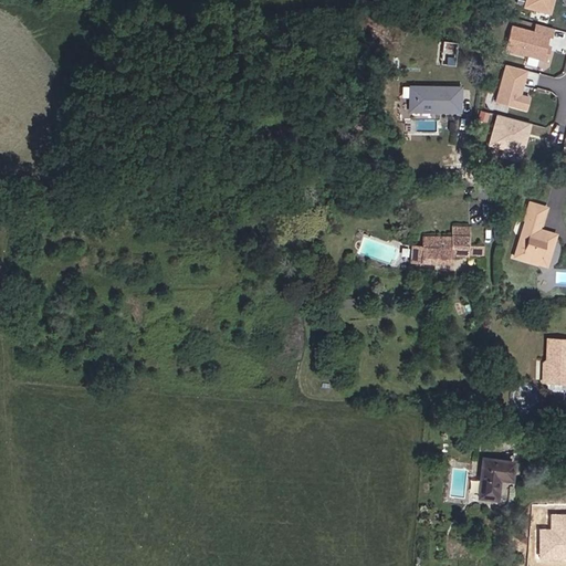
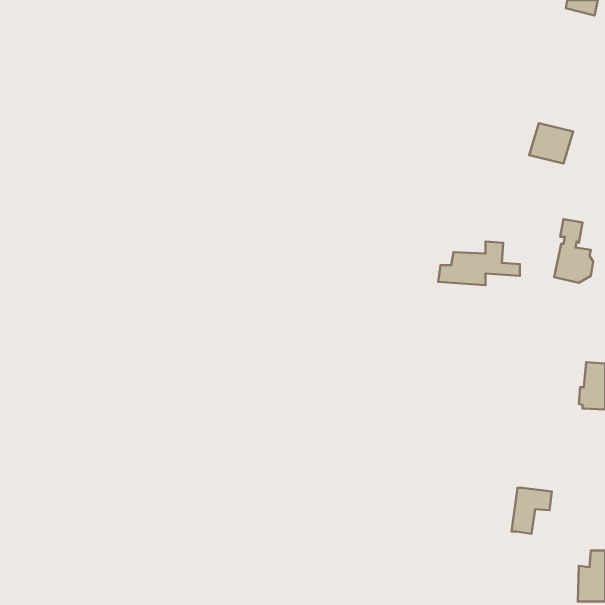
building: [510,24,558,61] -> none
building: [499,64,533,109] -> none
building: [410,88,460,113] -> none

